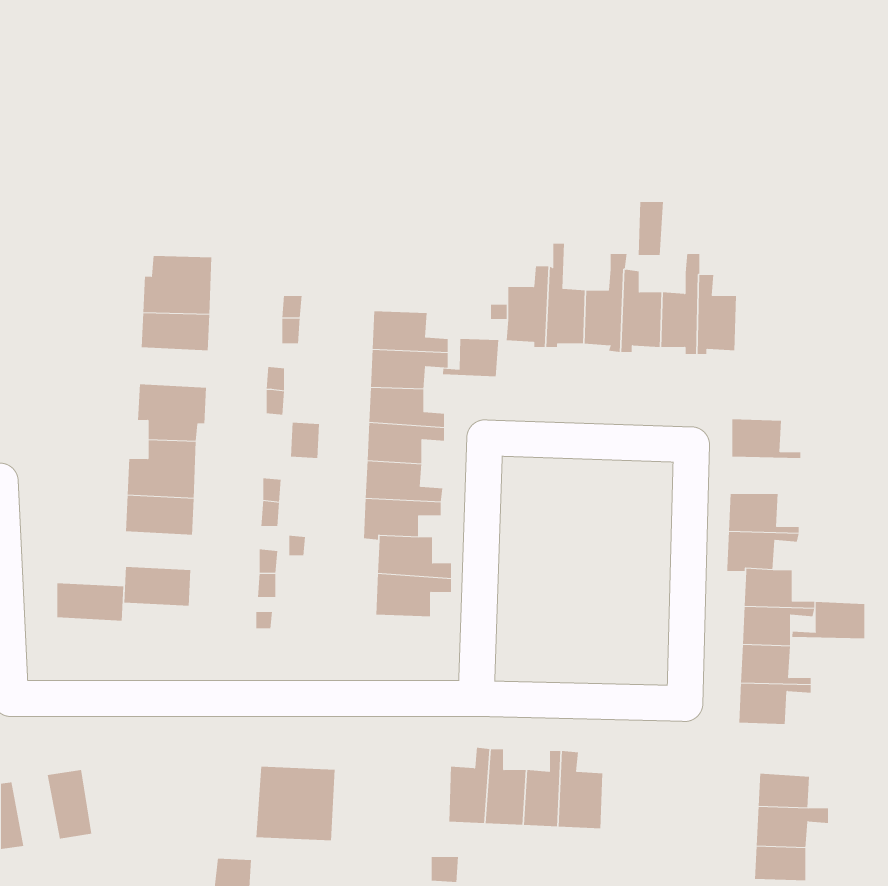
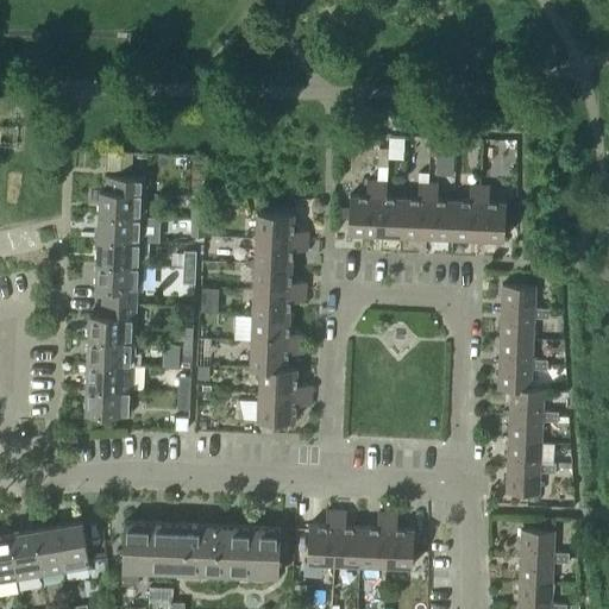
building: [443,338,499,377] -> none
building: none -> [95,239,143,266]
building: none -> [500,314,548,339]
building: [56,583,124,621] -> [86,365,132,391]
building: [792,601,865,639] -> none
building: none -> [121,523,178,575]
building: none -> [56,525,88,572]
building: none -> [227,528,280,579]
building: none -> [8,532,40,580]

